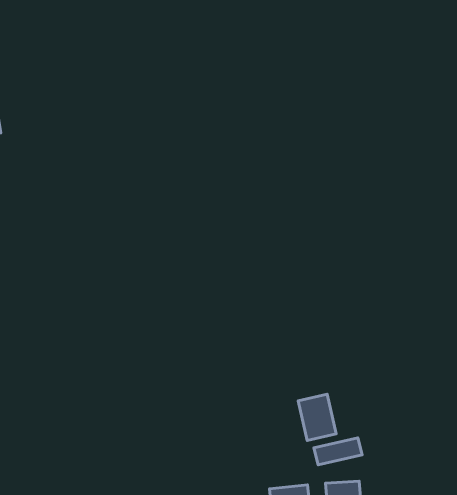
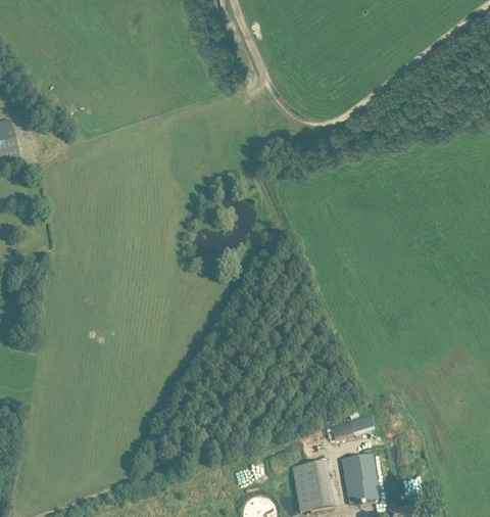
building: [298,394,336,440] -> none

